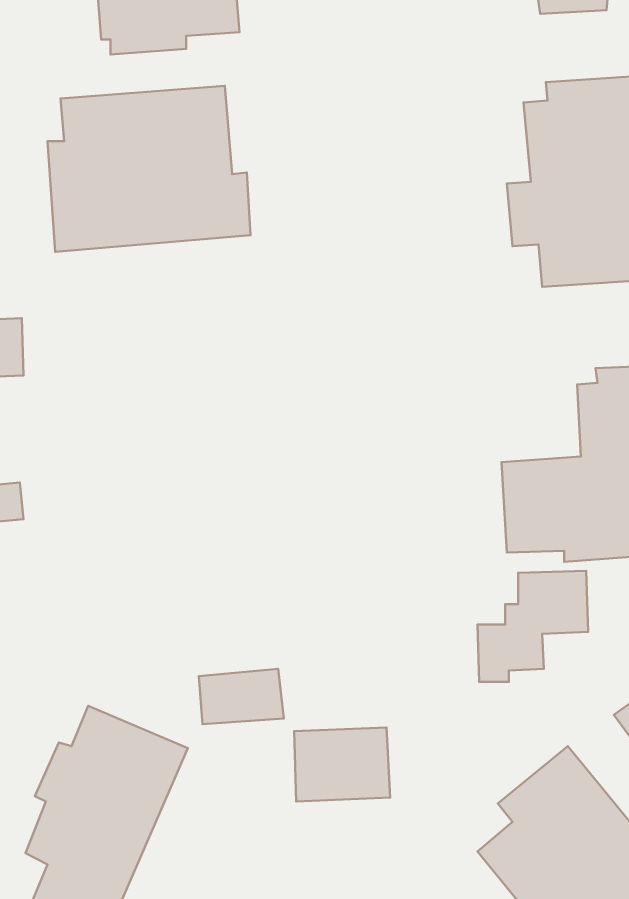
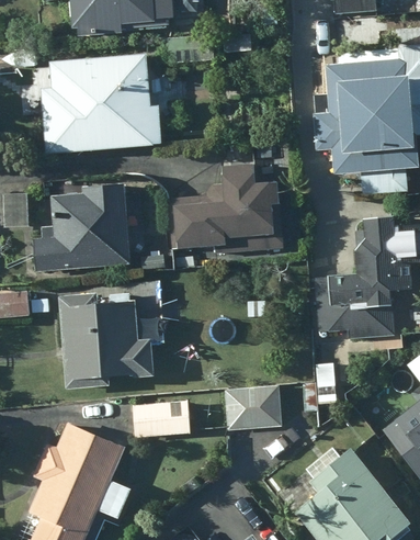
building: none -> [169,161,275,246]
building: none -> [33,184,130,272]
building: none -> [57,291,154,389]
building: [294,728,390,801] -> [223,385,280,429]

